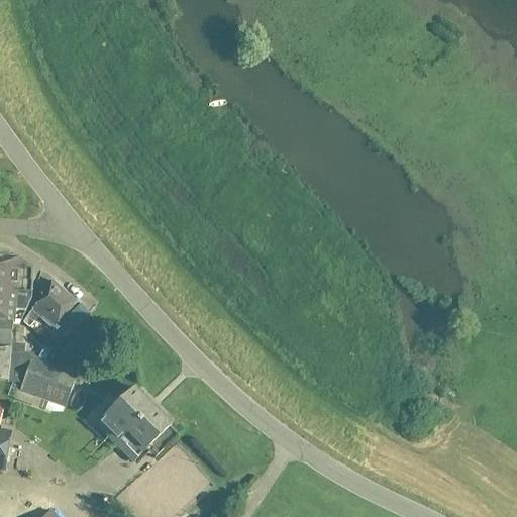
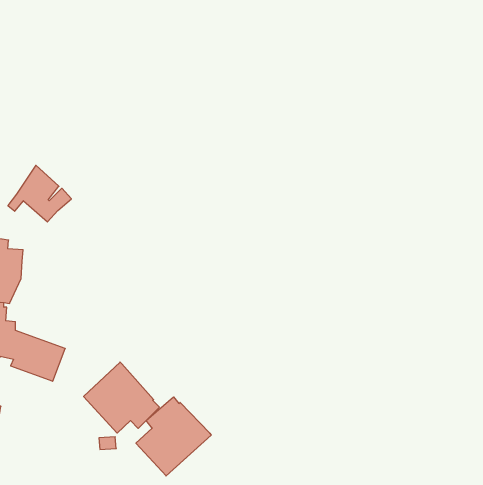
building: [14,274,81,333] -> [8,165,71,222]
building: none -> [136,397,211,476]

